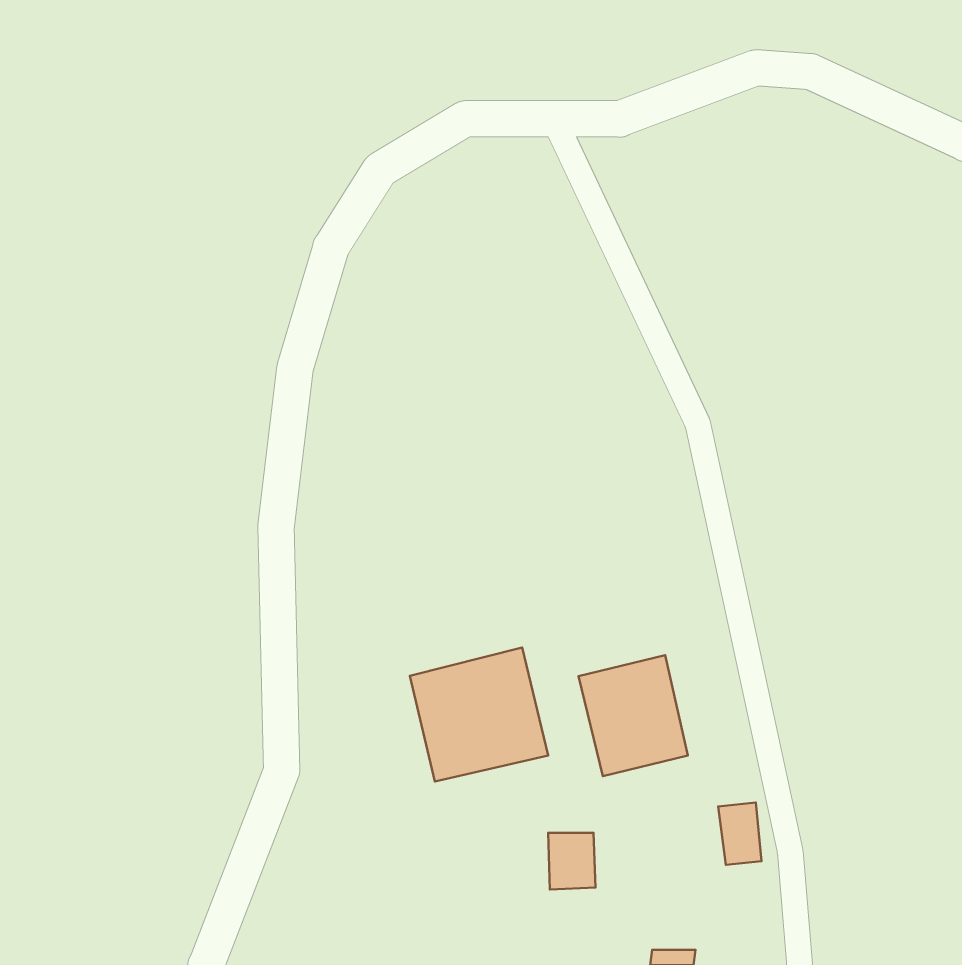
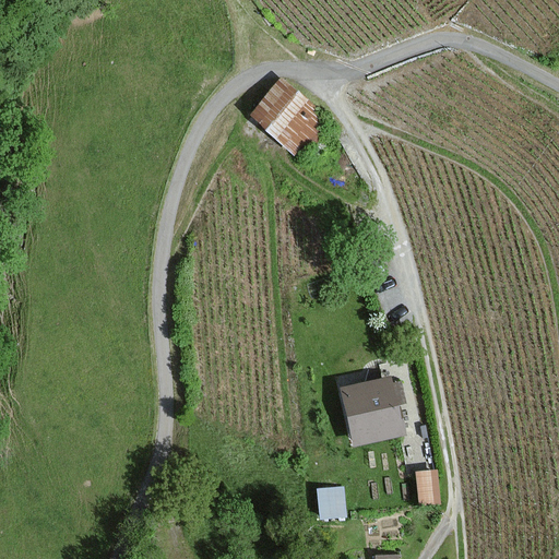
building: none -> [250,81,324,154]
building: [410,647,548,782] -> none

